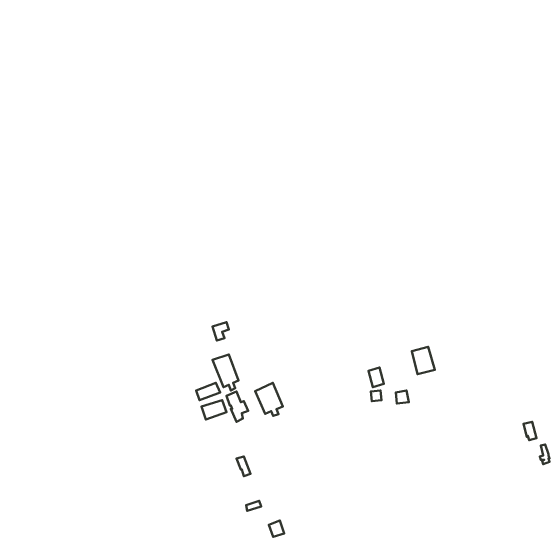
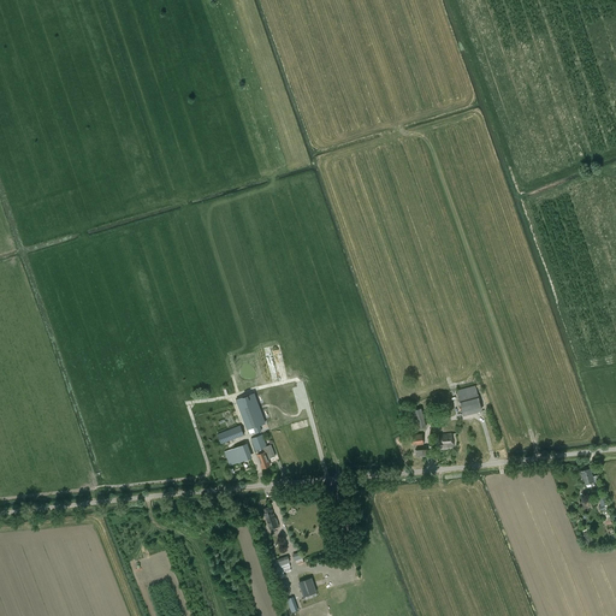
building: [255,383,283,416] -> none

